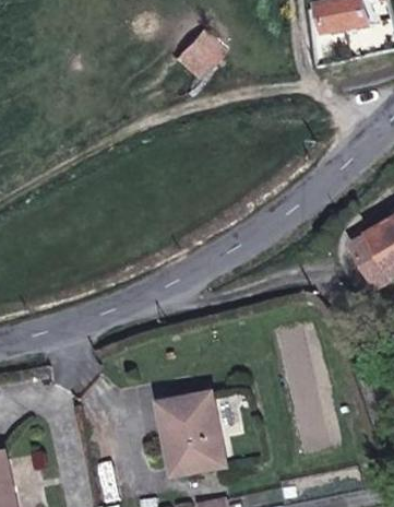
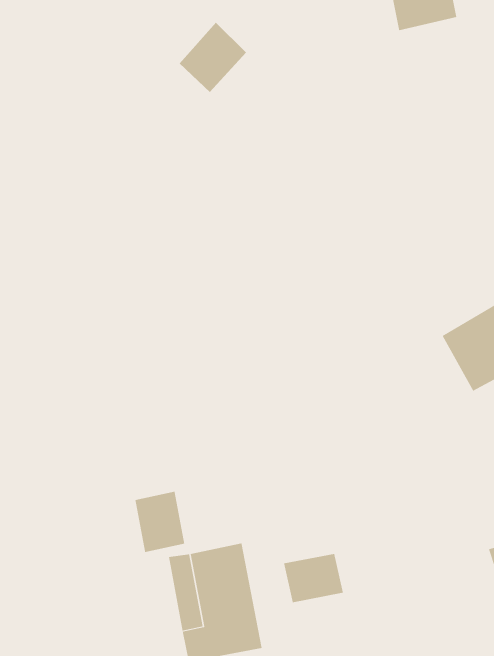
building: none -> [135,491,185,553]
building: none -> [284,553,343,603]

